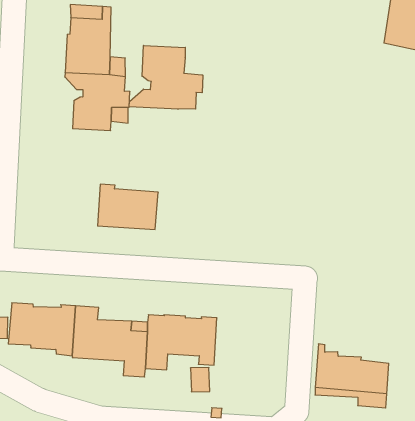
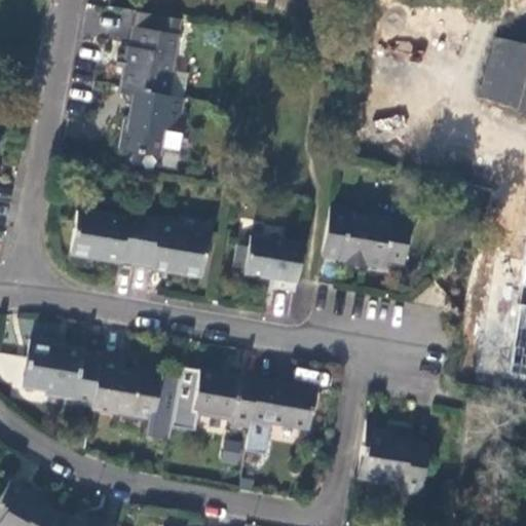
building: [129,45,203,109] -> none
building: none -> [323,209,412,271]
building: none -> [72,213,145,266]
building: none -> [233,241,303,297]
building: none -> [245,383,310,459]

